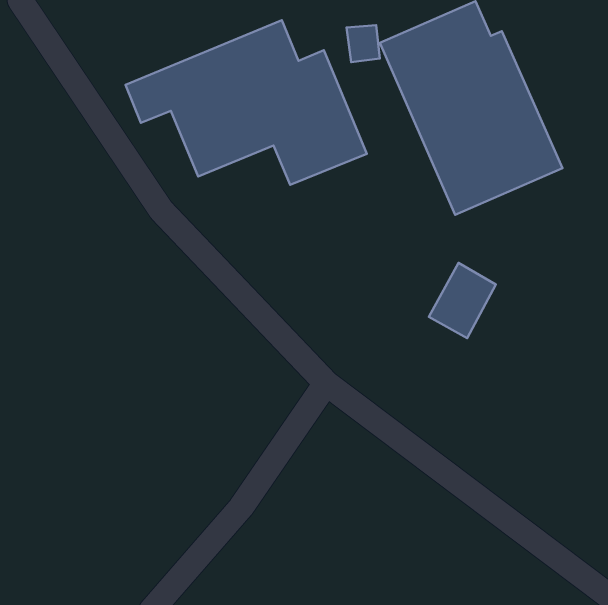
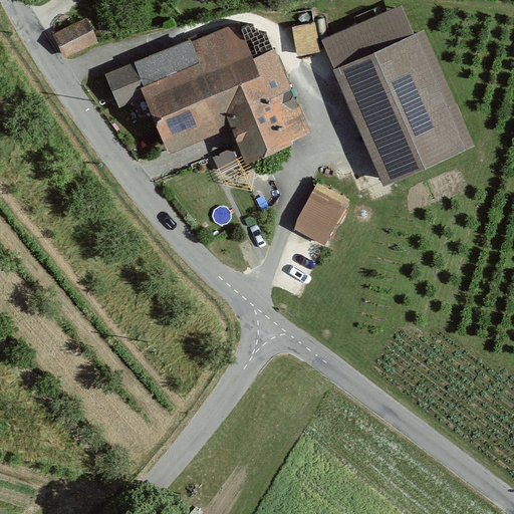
building: none -> [51,20,96,59]
building: [429,263,496,338] -> [291,184,347,247]

